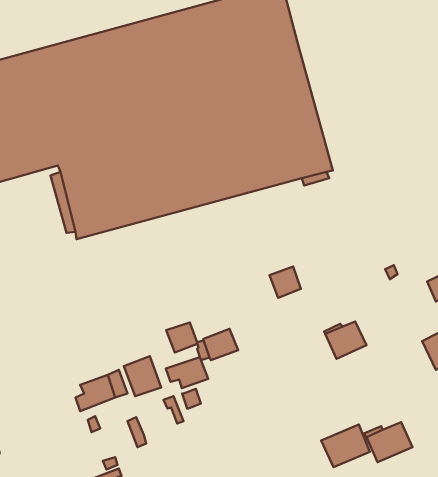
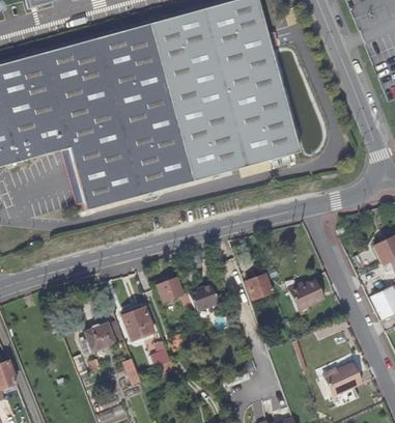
building: [270,267,301,298] -> [247,273,273,299]
building: [166,357,208,388] -> none
building: [321,424,370,467] -> none

